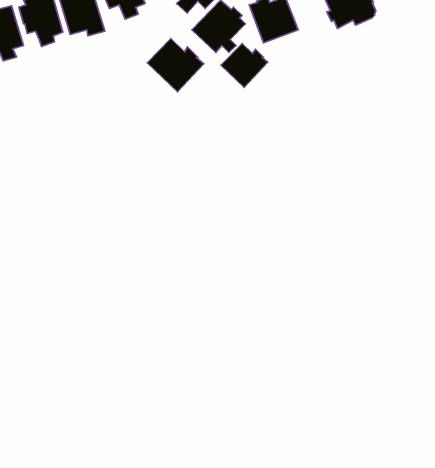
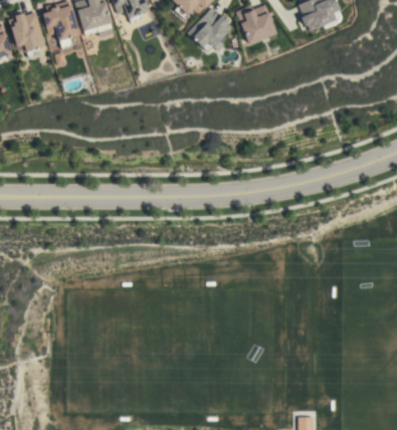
building: [147,39,204,92] -> none
building: [221,43,268,87] -> none

